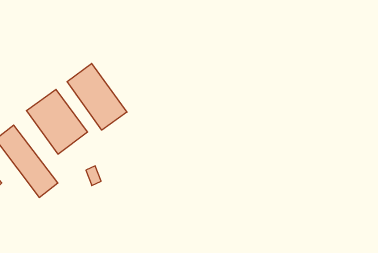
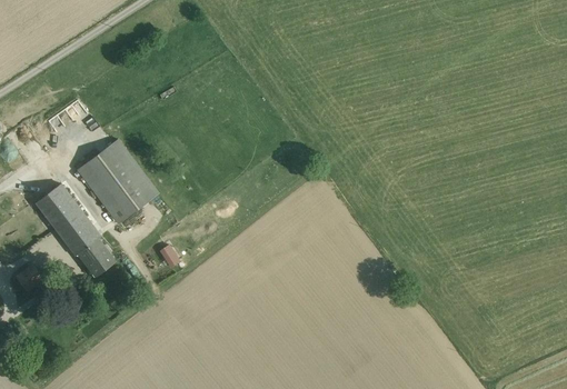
building: [67,63,127,130] -> none

